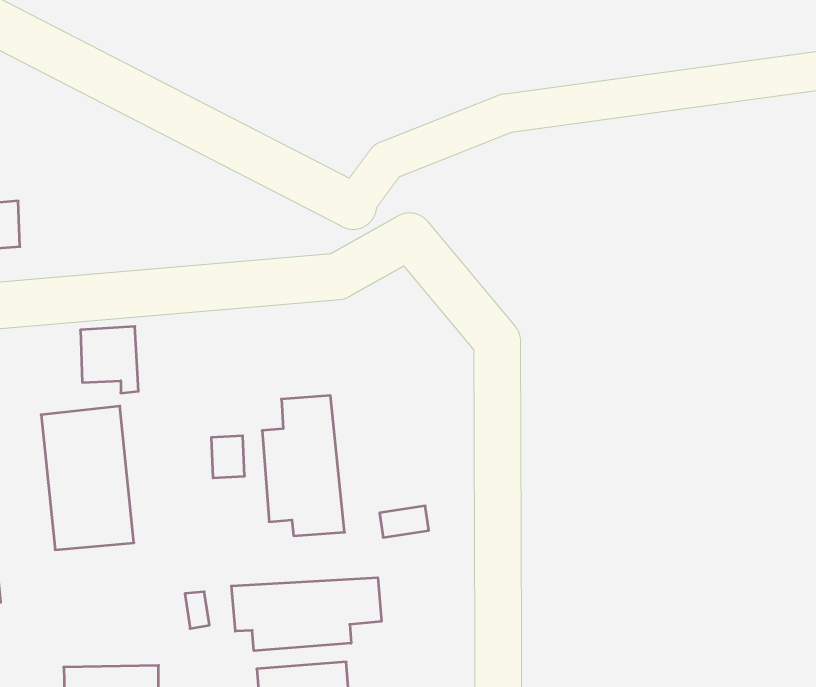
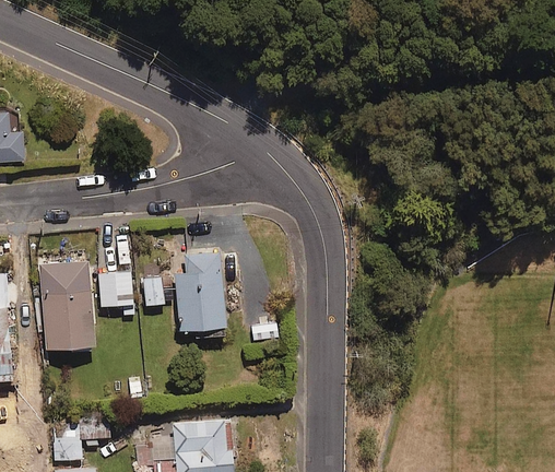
building: [80,326,138,393] -> [96,272,132,314]
building: [231,578,381,651] -> none

